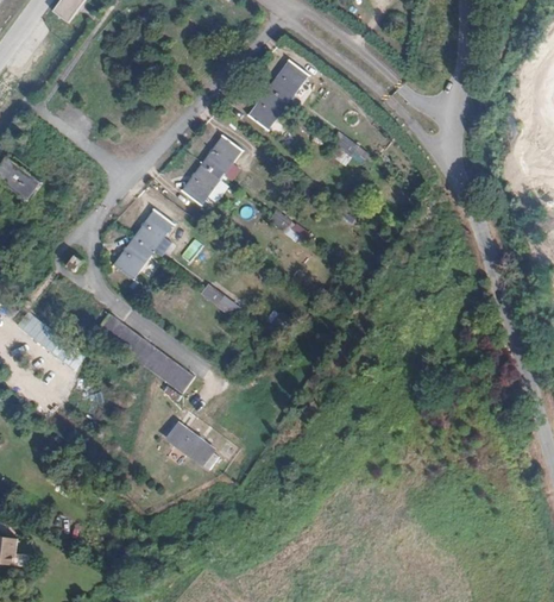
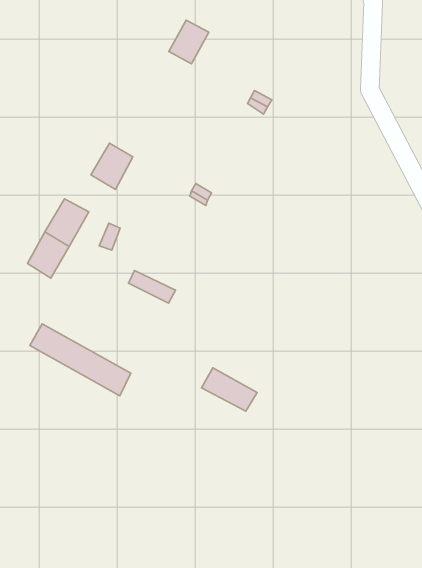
building: [248,88,288,130] -> none
building: [202,137,243,178] -> none
building: [165,418,215,462] -> [202,368,257,411]

